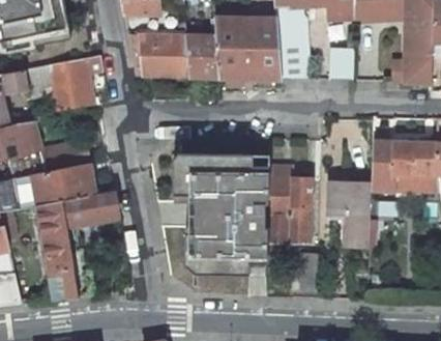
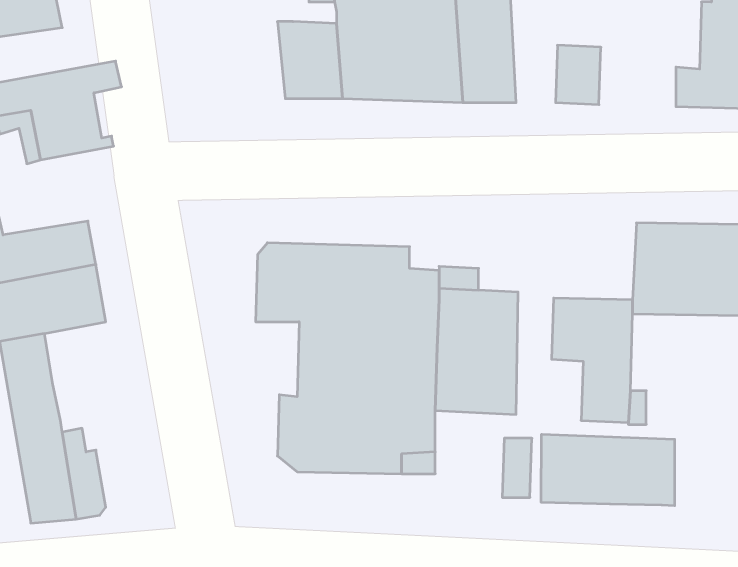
building: [127,34,188,77] -> none
building: [62,190,118,226] -> none
building: none -> [541,434,675,506]

